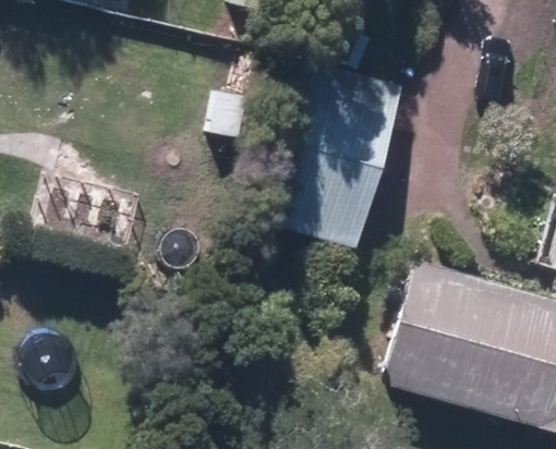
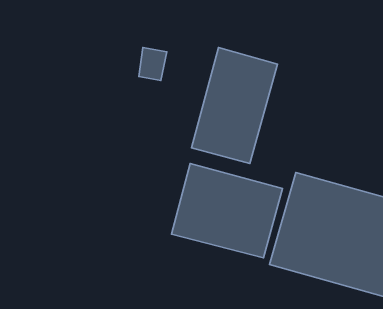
building: none -> [171,164,283,258]

